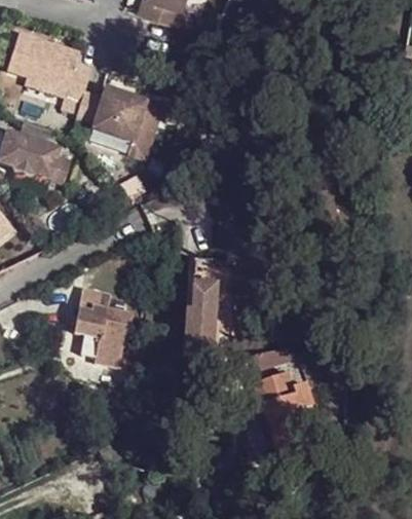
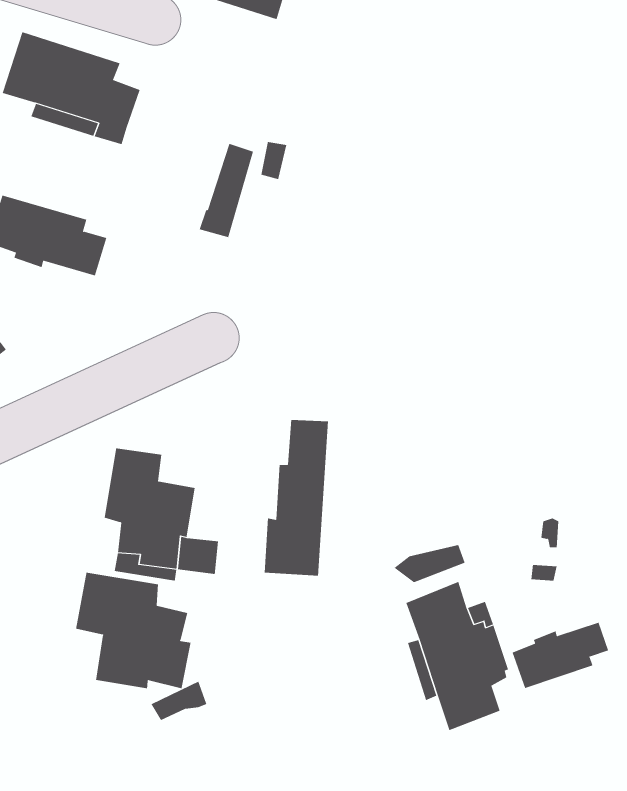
building: [77,85,148,140] -> none
building: none -> [75,572,191,689]
building: none -> [512,622,609,689]

